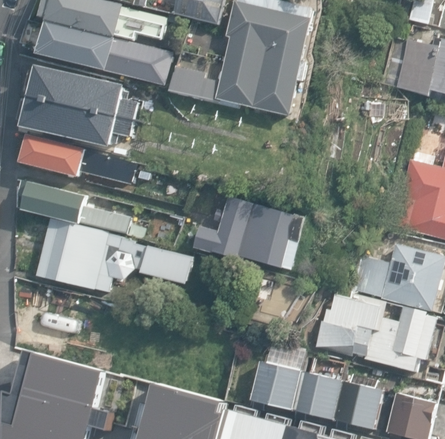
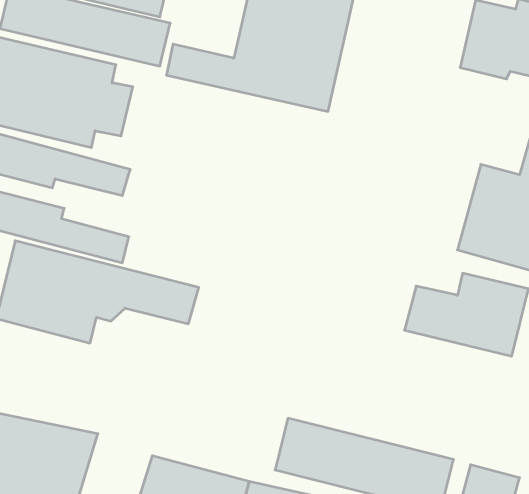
building: [189,195,304,277] -> none
building: [310,291,435,370] -> none

